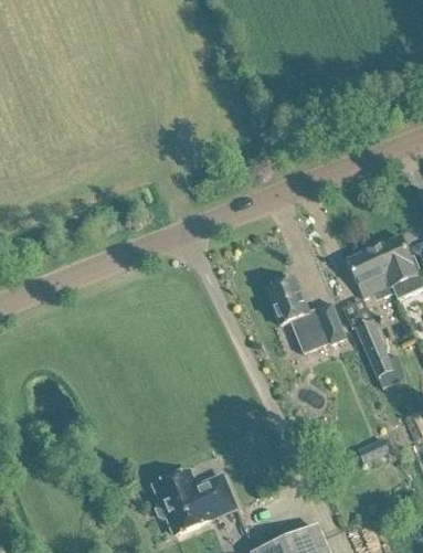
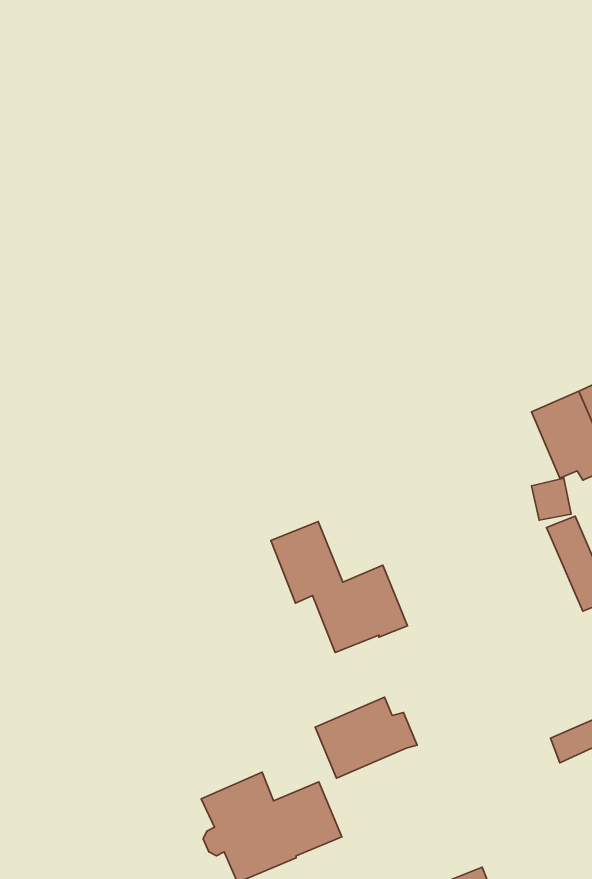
building: [266,276,346,352] -> [271,522,407,652]
building: none -> [315,697,417,778]

